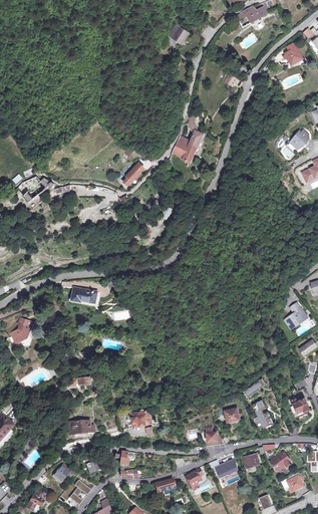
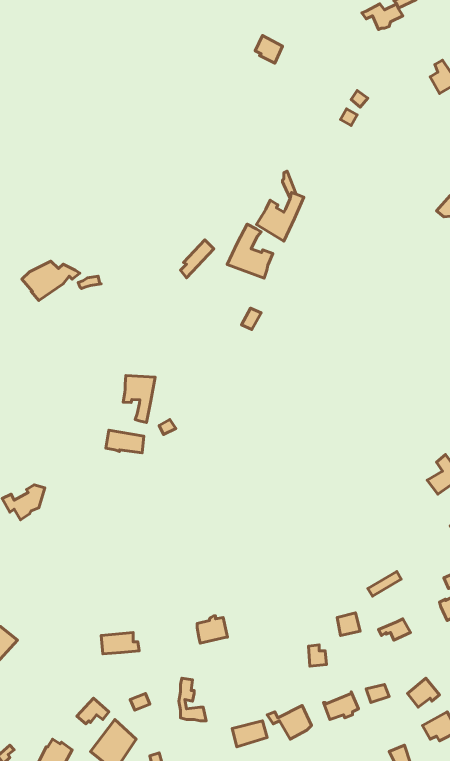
building: none -> [227,224,273,278]
building: none -> [123,376,155,423]

